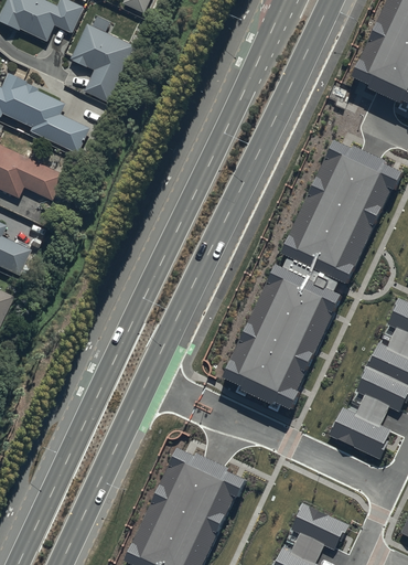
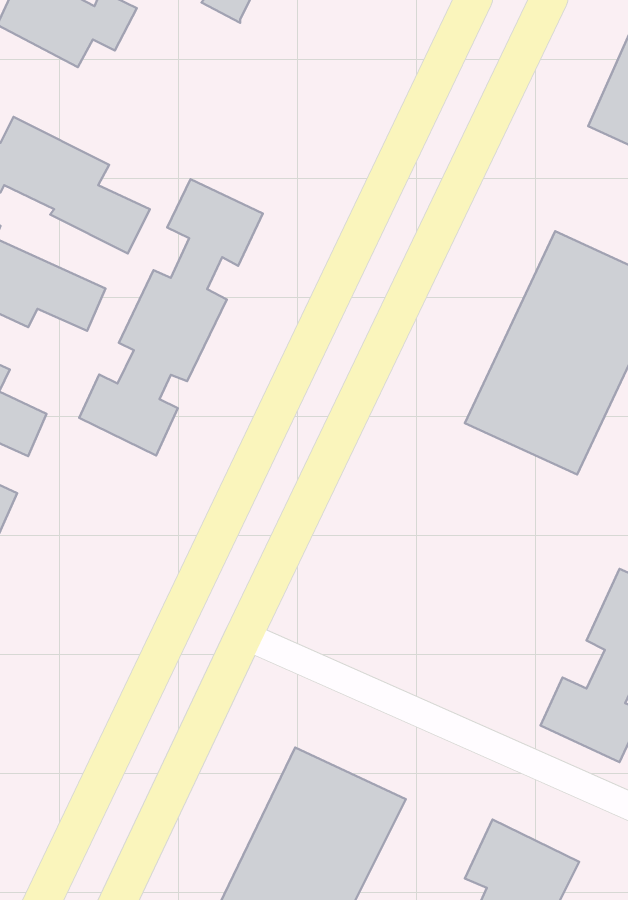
building: [71,24,135,103] -> none
building: none -> [79,179,263,455]
building: [221,263,346,413] -> none

